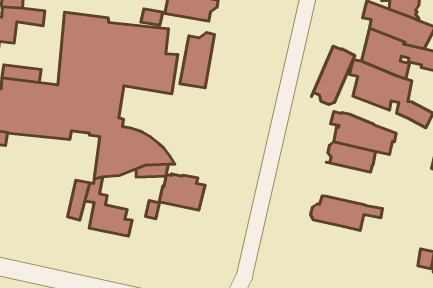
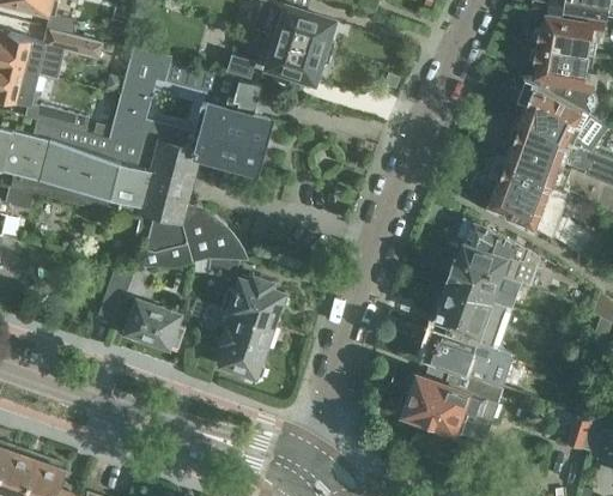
building: [180,33,215,88] -> none
building: [312,46,355,104] -> none
building: none -> [436,285,502,346]
building: none -> [220,314,272,381]
building: none -> [399,373,503,442]

